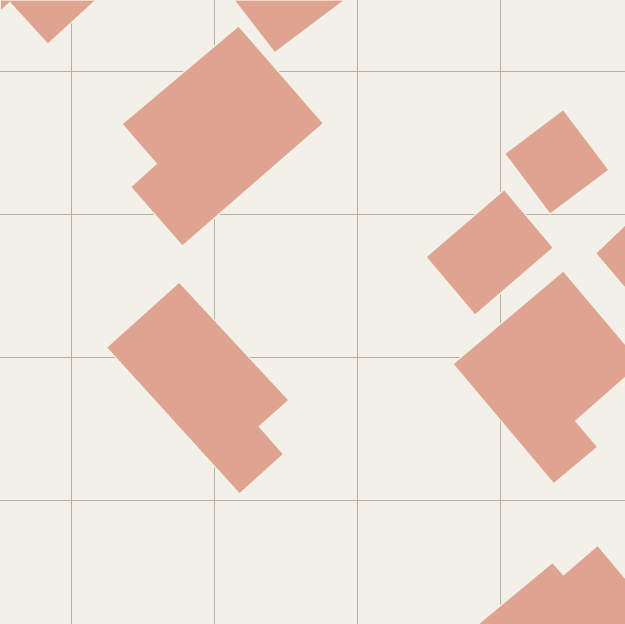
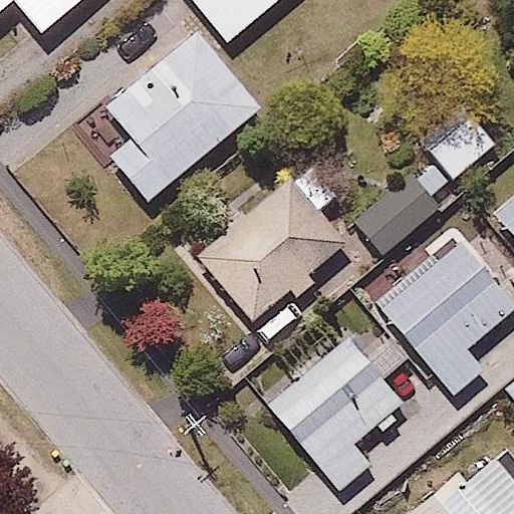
building: none -> [194,175,350,326]
building: [107,282,289,494] -> none
building: none -> [253,317,414,495]

